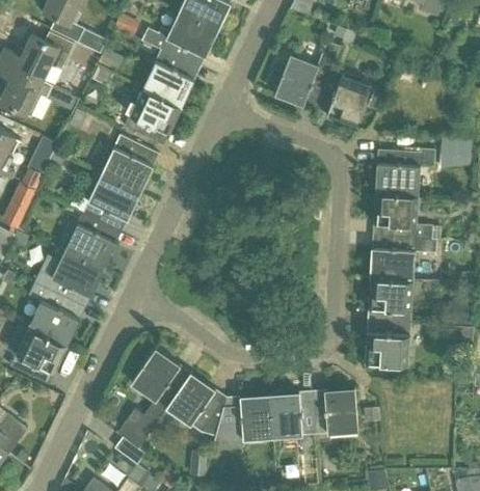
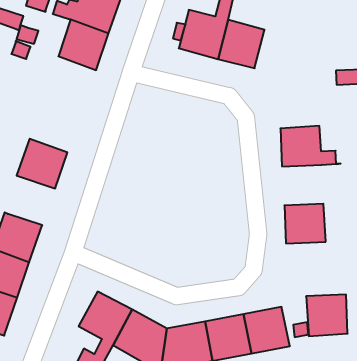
building: [119,88,182,145] -> none
building: [101,136,159,194] -> none
building: [375,149,435,196] -> none
building: [64,213,123,270] -> none
building: [370,236,436,281] -> none
building: [365,320,410,365] -> [306,295,348,336]

